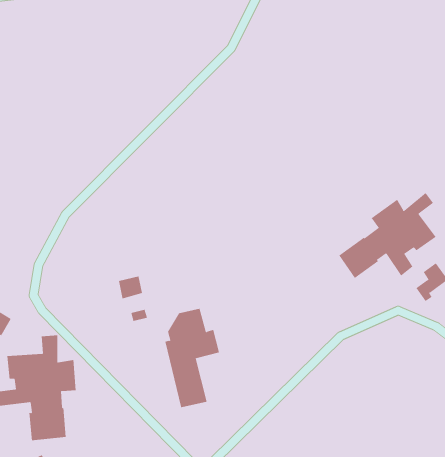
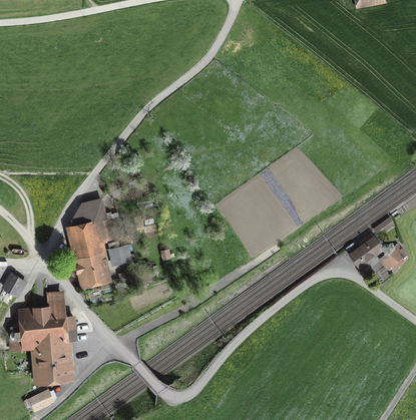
building: [339,192,437,279] -> none
building: [165,308,220,408] -> [71,201,116,283]

